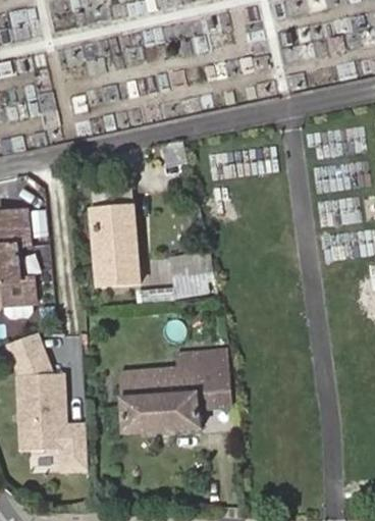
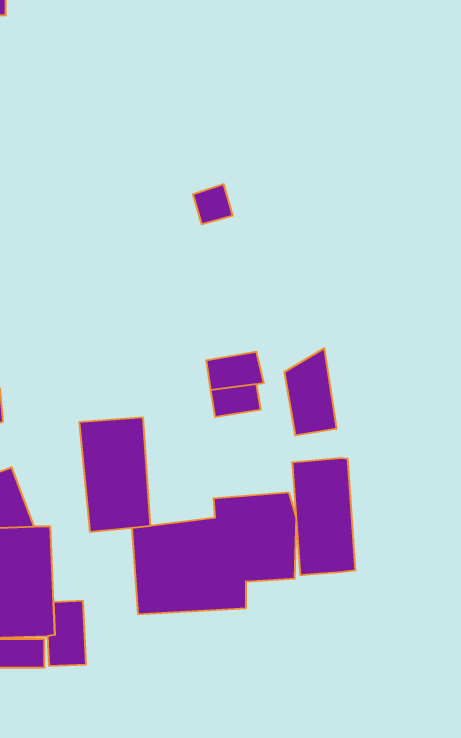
building: [90,206,139,284] -> [79,418,150,532]
building: none -> [284,348,336,436]
building: none -> [293,458,355,575]

